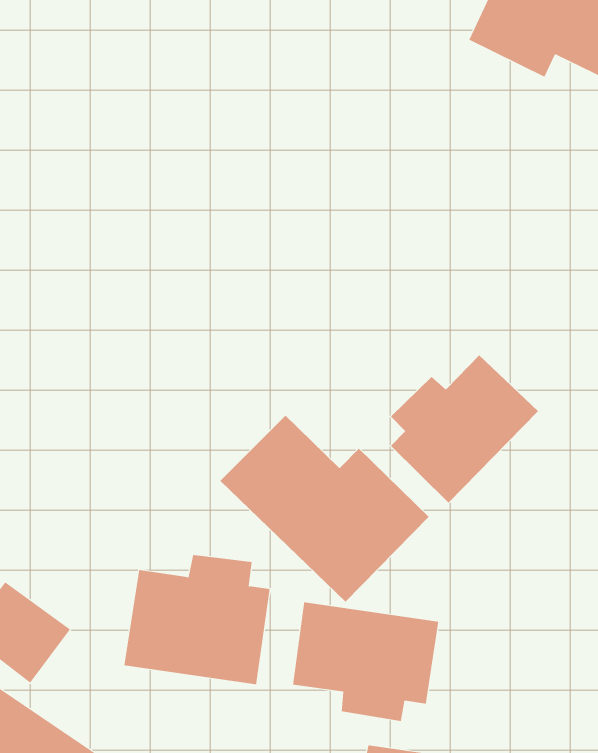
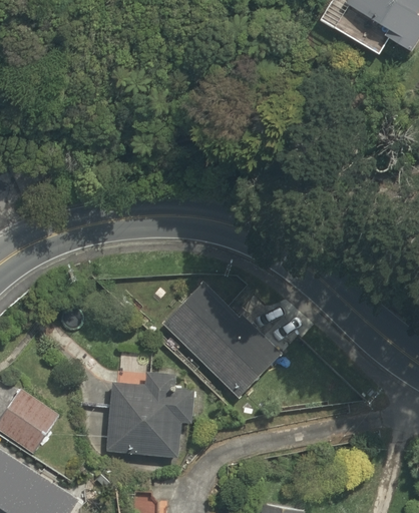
building: [390,354,539,503] -> none
building: [293,602,439,722] -> none

